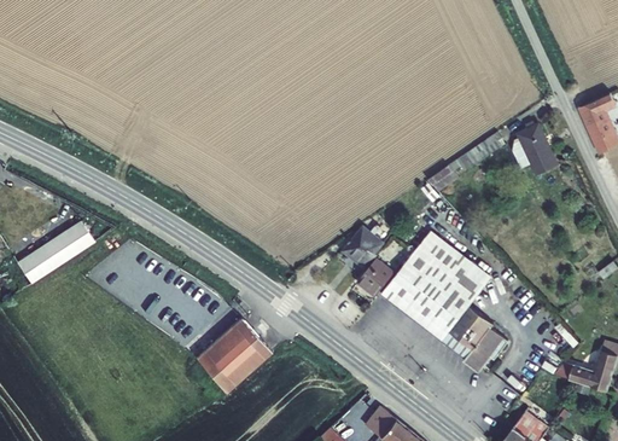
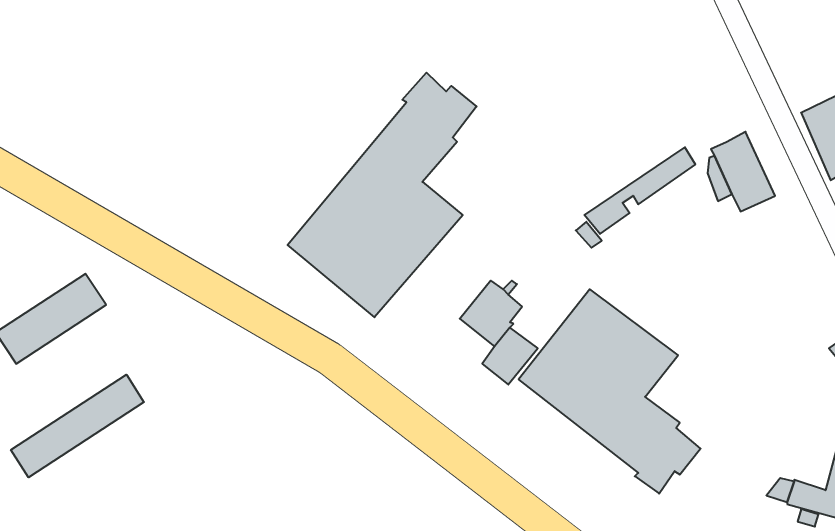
building: none -> [288,73,477,317]
building: none -> [11,375,144,477]
building: [196,317,273,393] -> none

